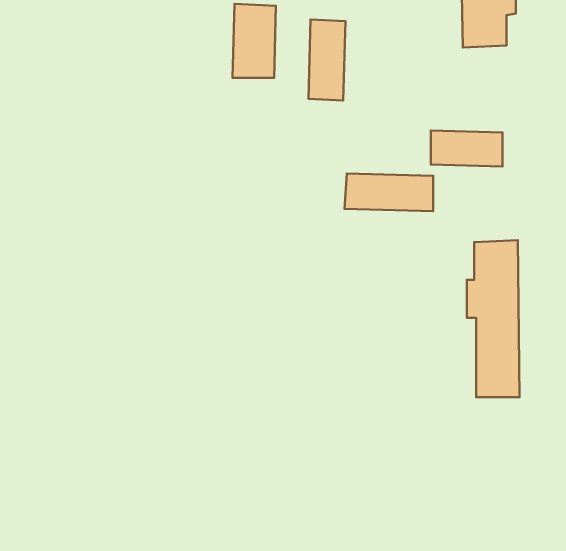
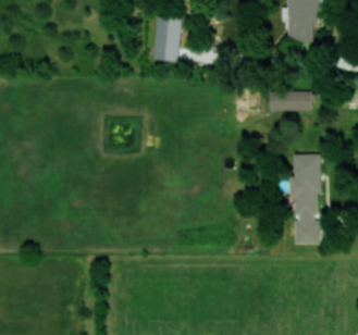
building: [309,19,345,101] -> none
building: [345,174,433,211] -> none

